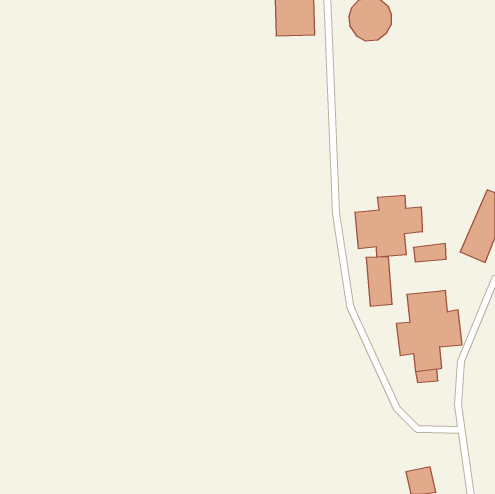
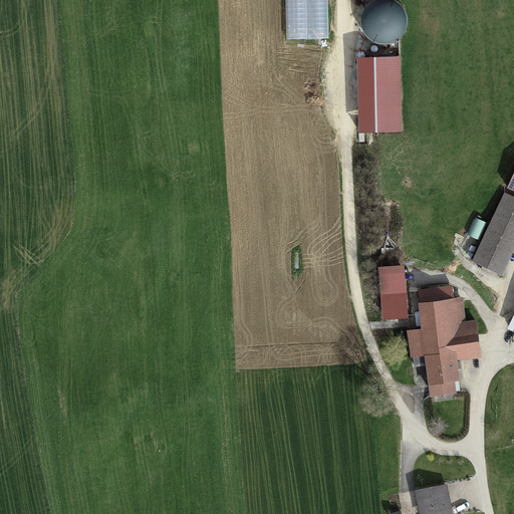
building: none -> [358,57,400,130]
building: [355,195,422,257] -> none
building: [413,244,446,262] -> [420,286,454,305]

